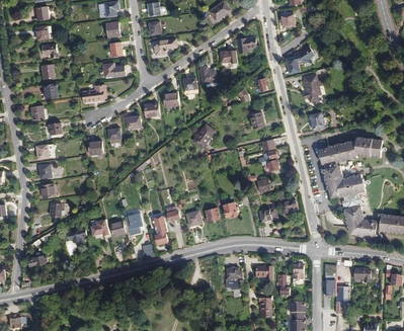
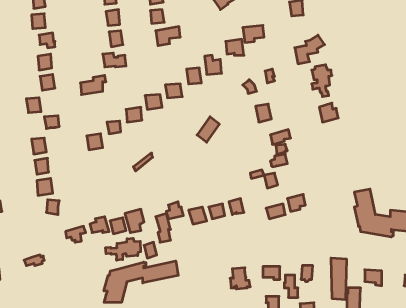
building: [320,136,383,196] -> none
building: none -> [106,238,141,260]
building: none -> [104,261,178,302]

